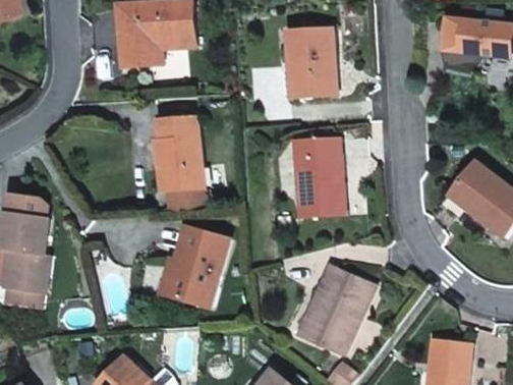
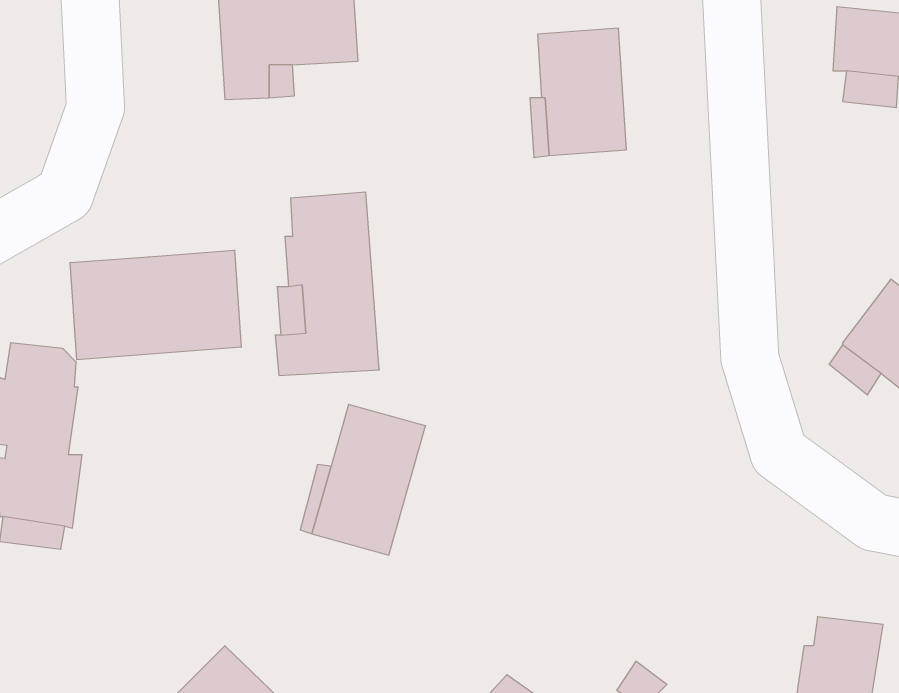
building: [294,138,342,216] -> none
building: none -> [70,250,241,360]
building: [298,264,374,353] -> none

